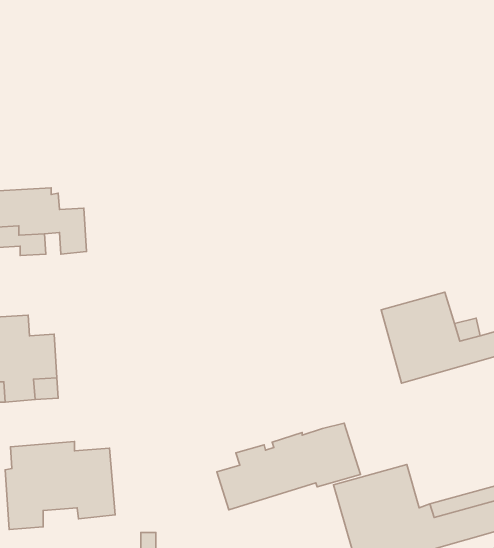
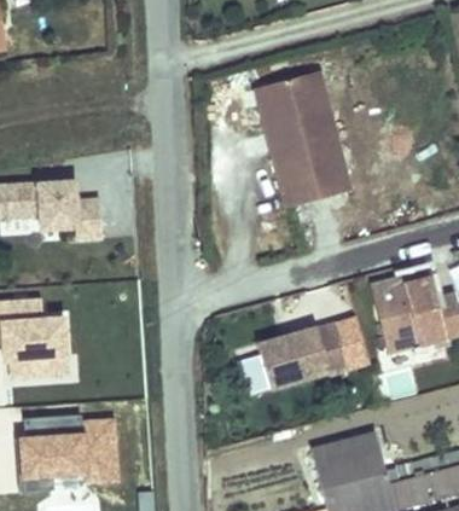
building: none -> [256,68,350,205]
building: [217,423,361,510] -> [239,317,367,394]

